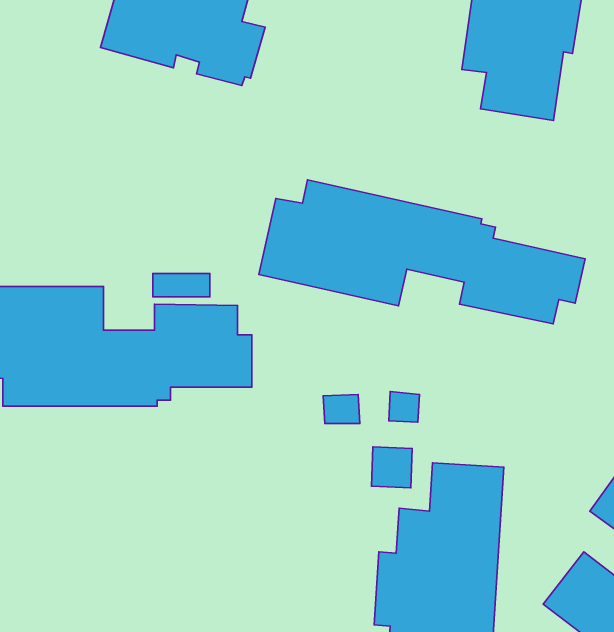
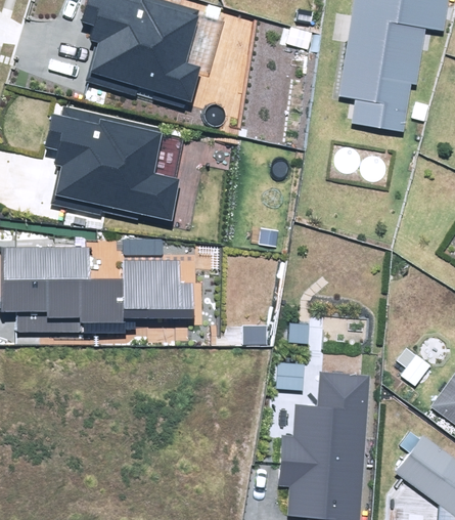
building: none -> [43,103,180,220]
building: [259,180,585,324] -> none

